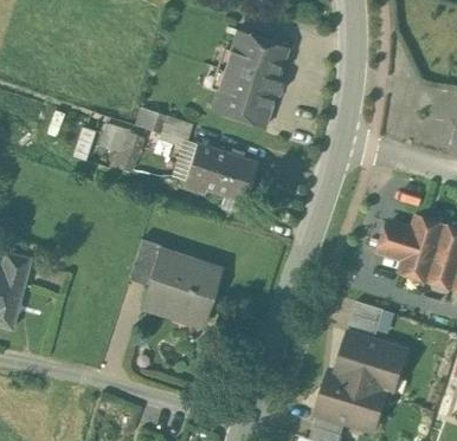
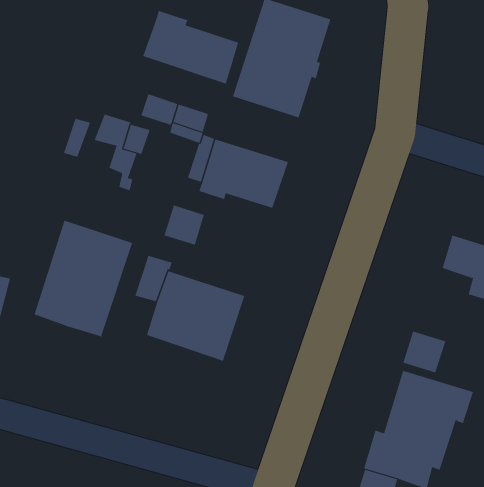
building: none -> [142,10,239,85]
building: none -> [164,205,204,246]
building: none -> [34,220,133,337]

